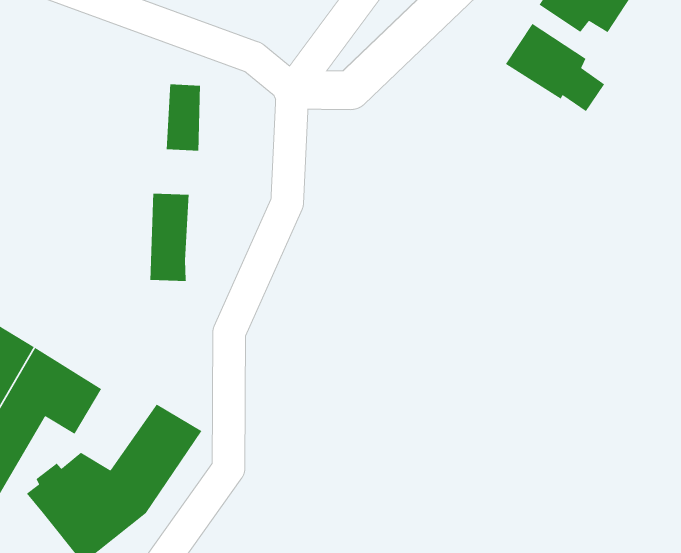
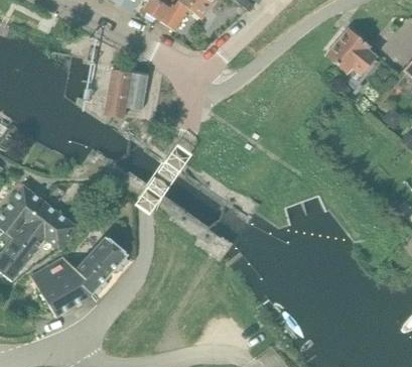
building: [505,23,605,112] -> none
building: [150,193,189,282] -> [104,69,130,117]

